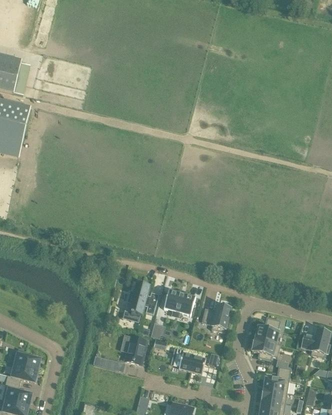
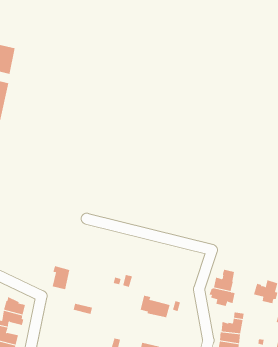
building: [126,281,158,315] -> none
building: [163,290,194,315] -> none
building: [201,305,230,332] -> none
building: [124,336,145,364] -> [52,266,70,290]

